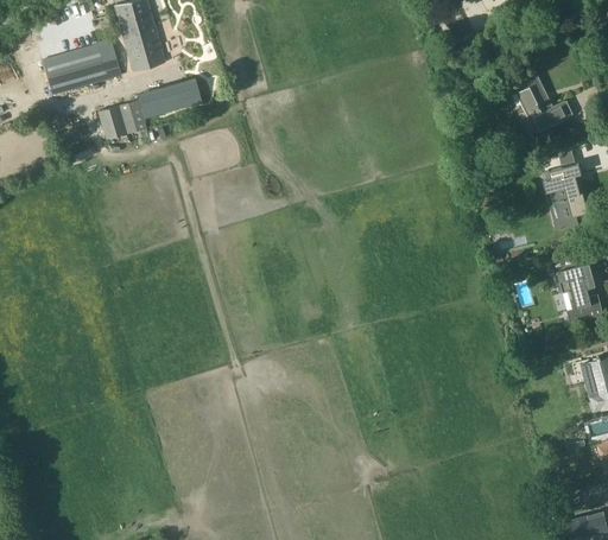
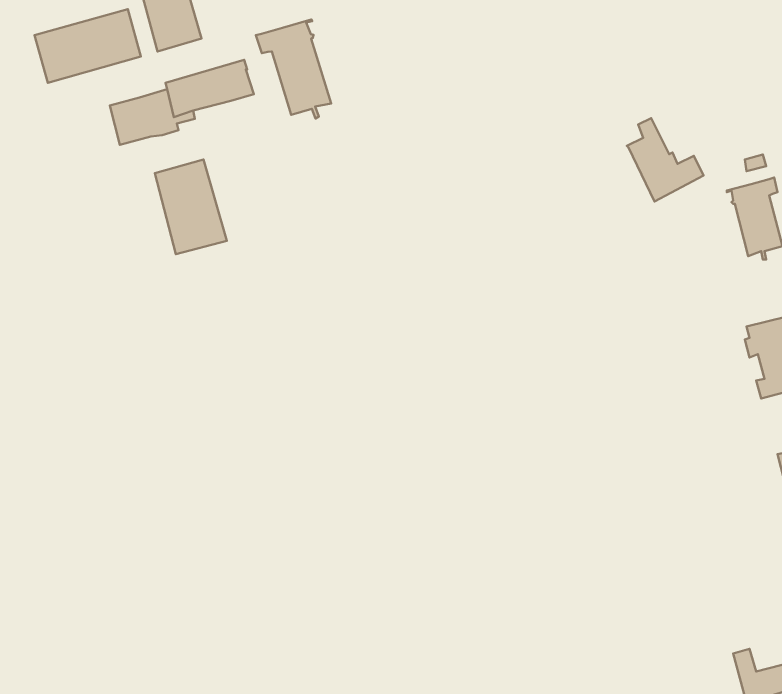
building: none -> [256,19,331,119]
building: [518,72,574,133] -> [627,118,704,202]
building: none -> [155,159,227,254]

